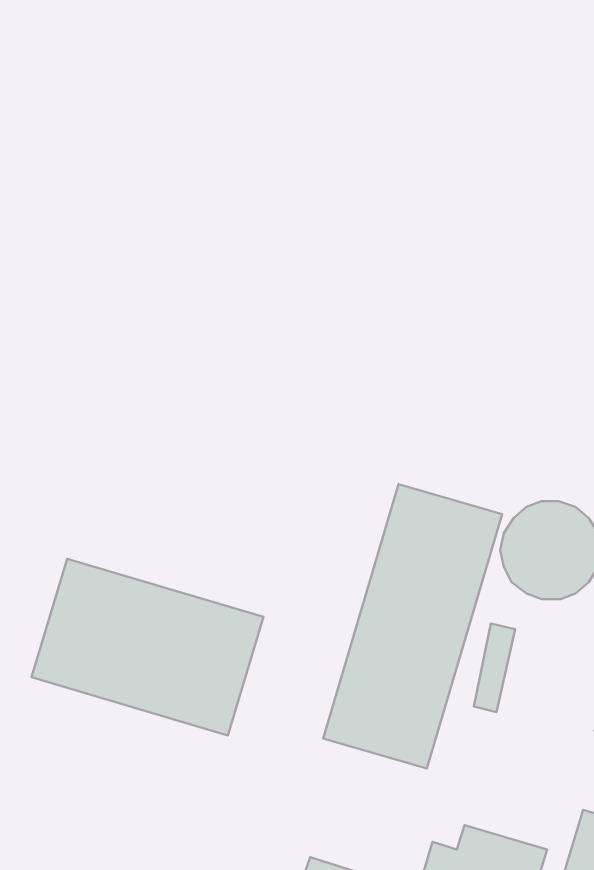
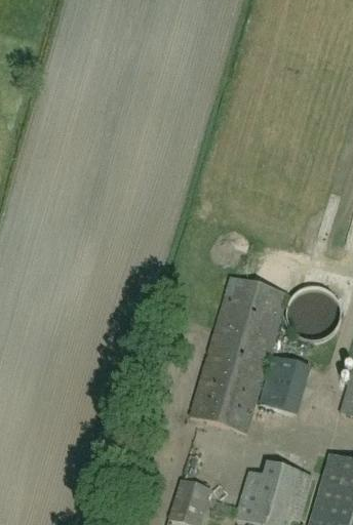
building: [32,559,263,735] -> none
building: none -> [283,354,315,405]

